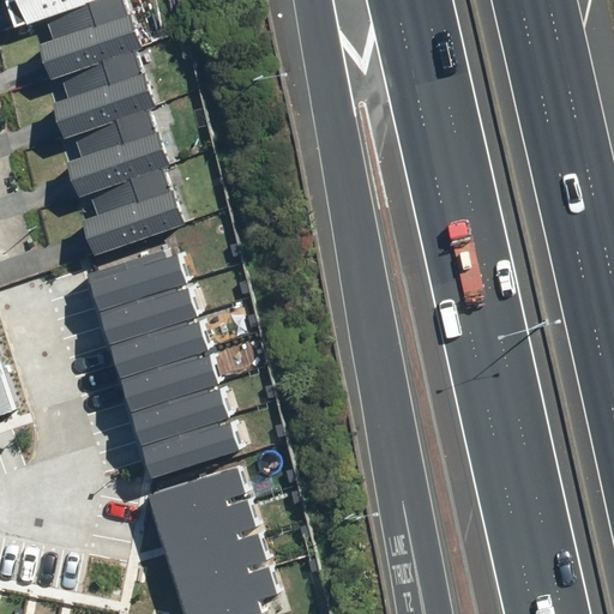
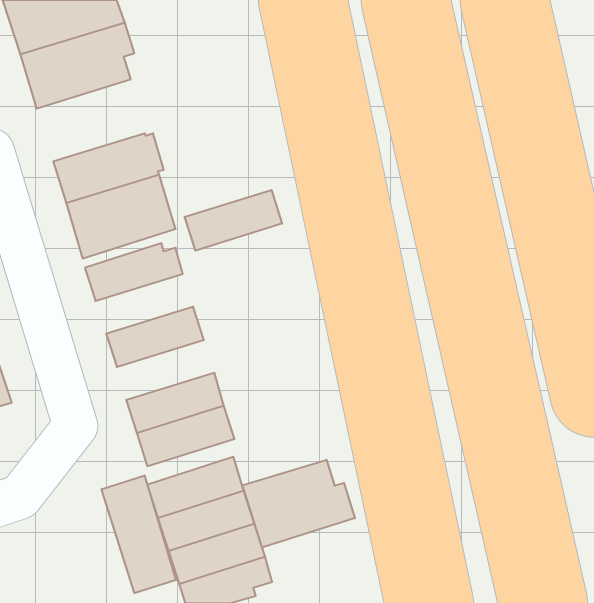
building: [37,78,154,164] -> none
building: [97,278,197,339] -> [184,190,282,250]
building: [119,345,218,407] -> none
building: none -> [243,460,355,548]
building: none -> [102,475,176,593]

